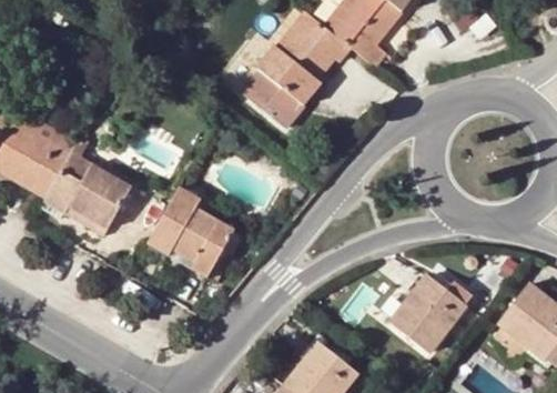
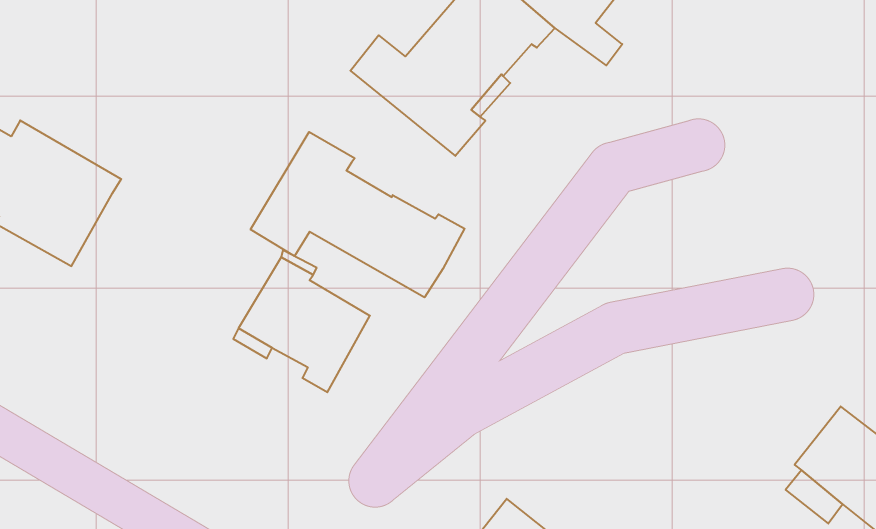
building: none -> [251,132,465,297]
building: [45,152,132,235] -> none
building: [392,278,466,352] -> none

